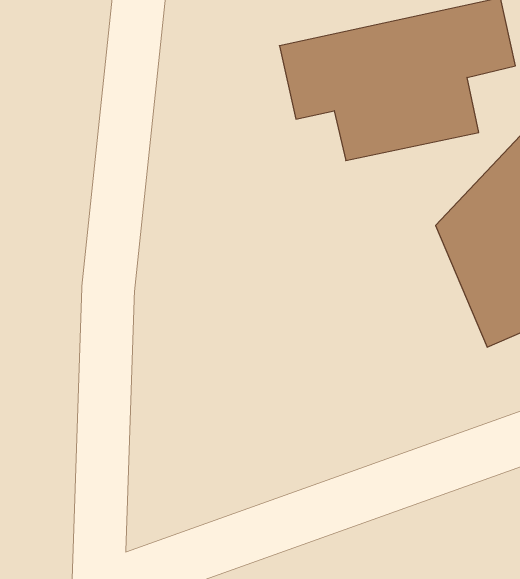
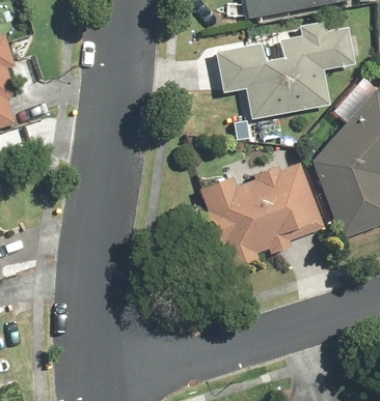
building: none -> [194,152,324,263]

